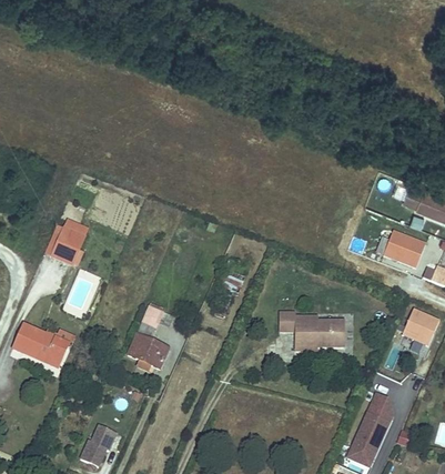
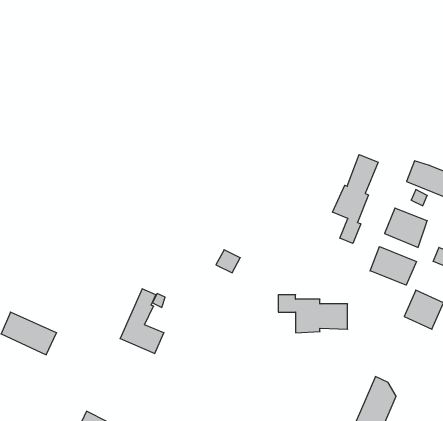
building: none -> [333,155,378,243]
building: [52,232,85,269] -> none
building: none -> [370,247,416,285]

